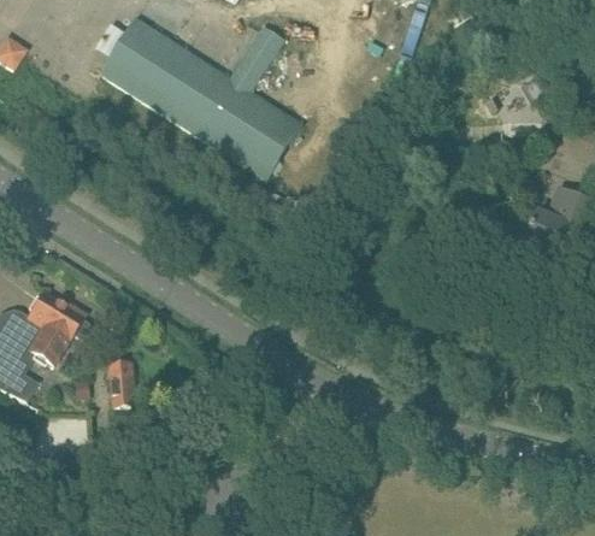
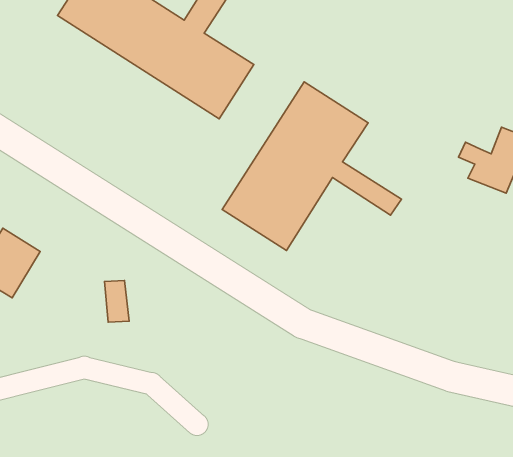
building: none -> [222,82,402,250]
building: [110,361,135,405] -> [105,280,129,322]

